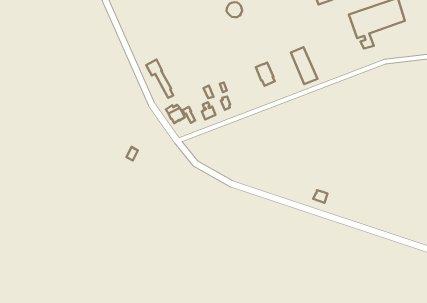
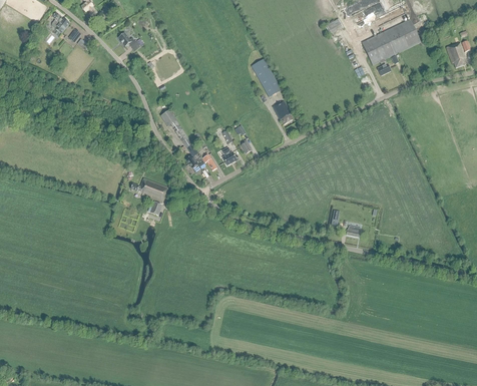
building: [291,47,318,84] -> [252,57,282,95]
building: none -> [130,176,168,201]

